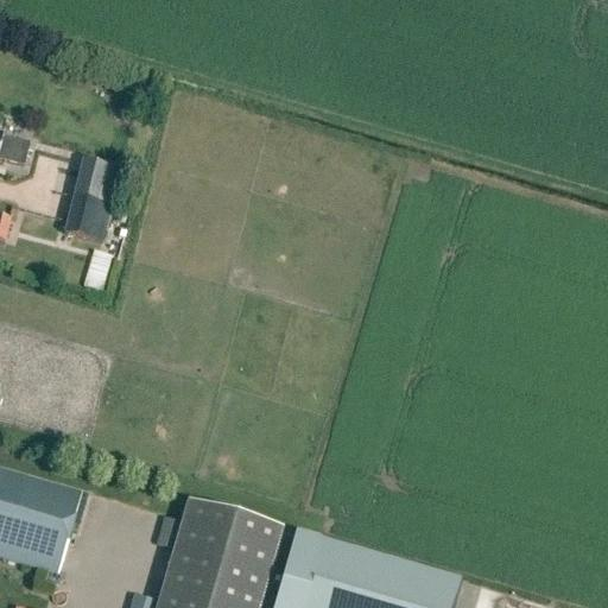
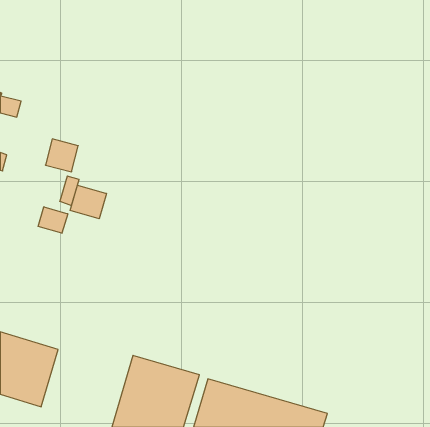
building: [74,159,121,205] -> none
building: none -> [70,185,106,219]
building: none -> [38,207,68,233]

